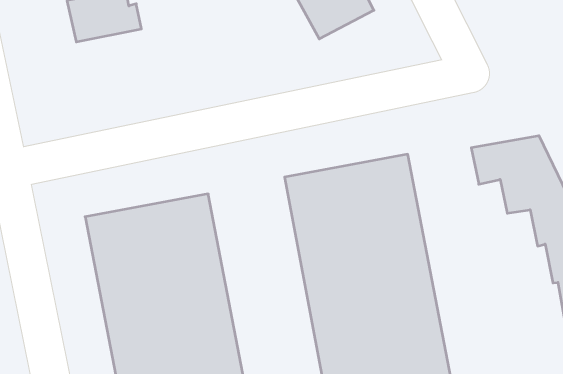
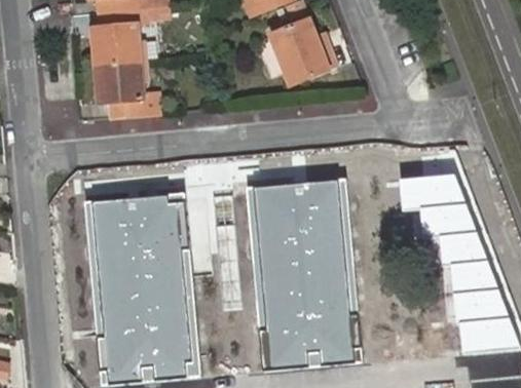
building: none -> [92,57,154,116]

